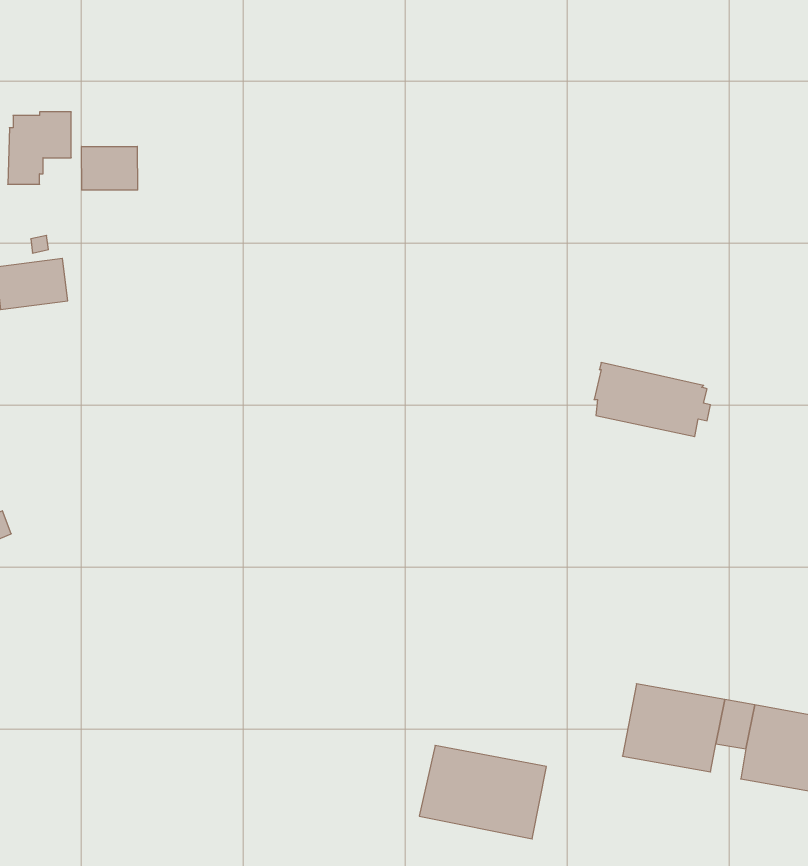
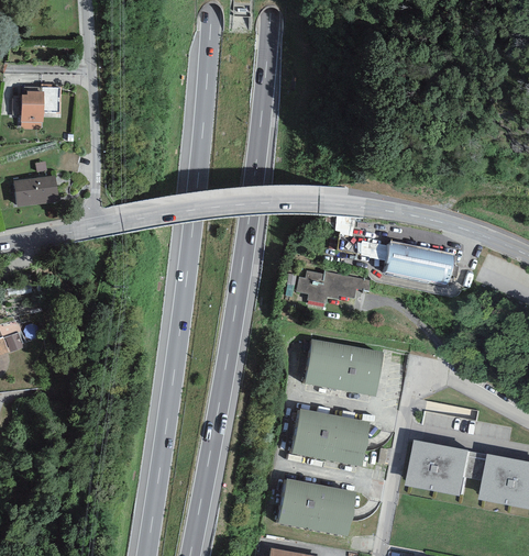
building: [82,146,138,190] -> none
building: none -> [296,270,370,303]
building: none -> [304,338,384,396]
building: none -> [290,408,370,466]

